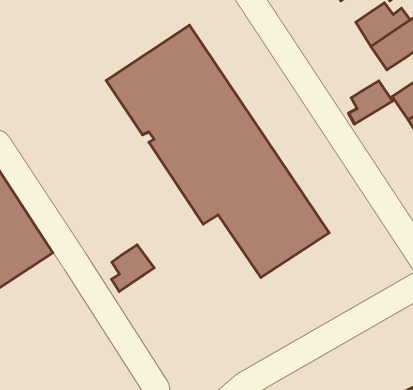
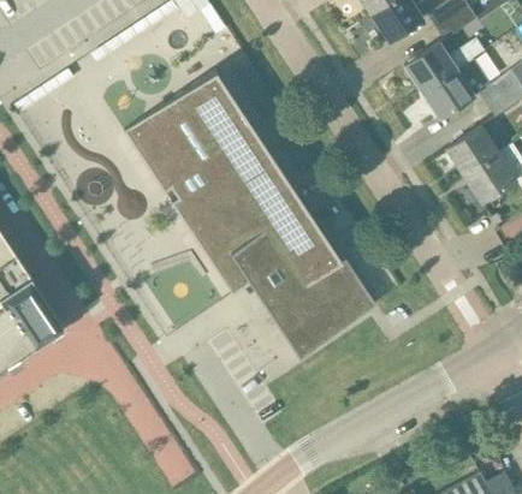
building: [348,81,393,124] -> none
building: [111,245,154,291] -> none

